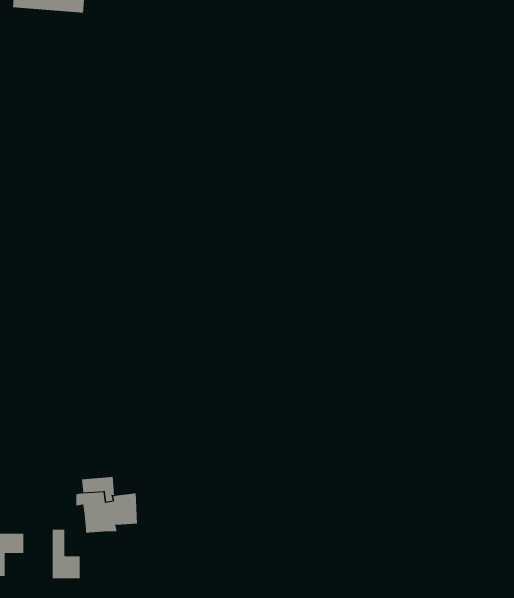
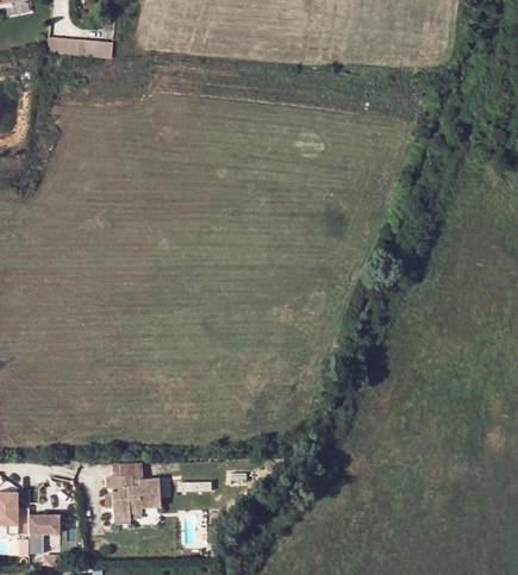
building: [52,529,80,579] -> none

